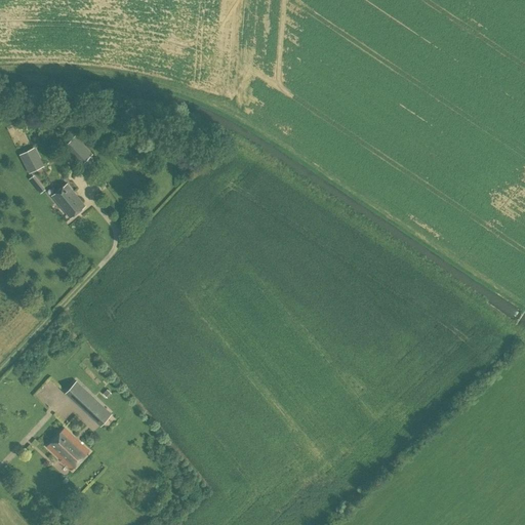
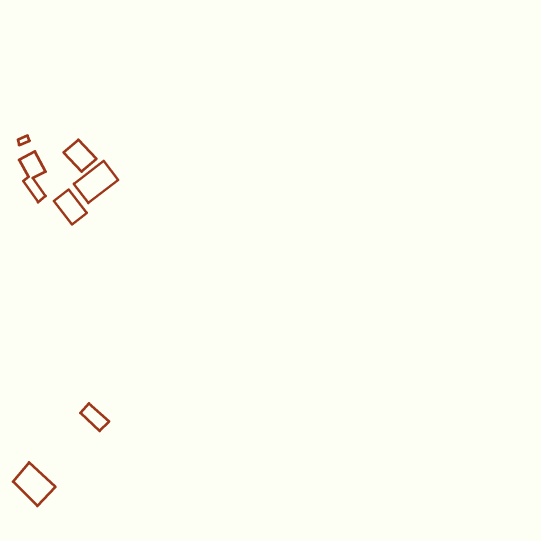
building: none -> [74,161,118,203]
building: [47,428,88,470] -> [13,462,55,506]

